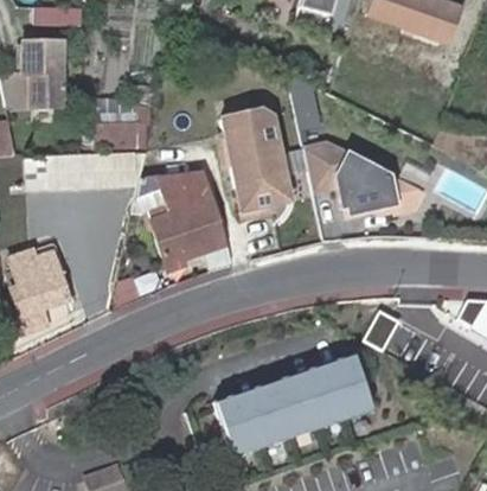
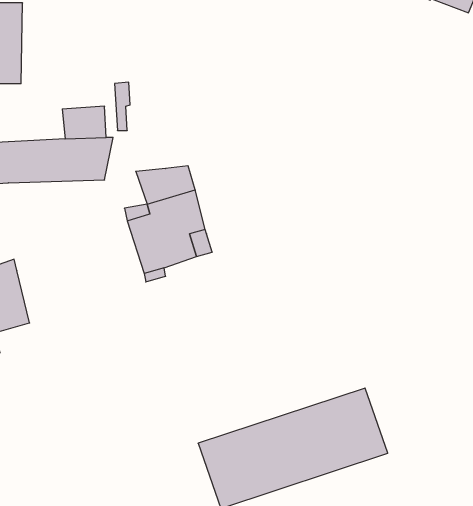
building: [219,108,296,215] -> none
building: [306,140,427,218] -> none

